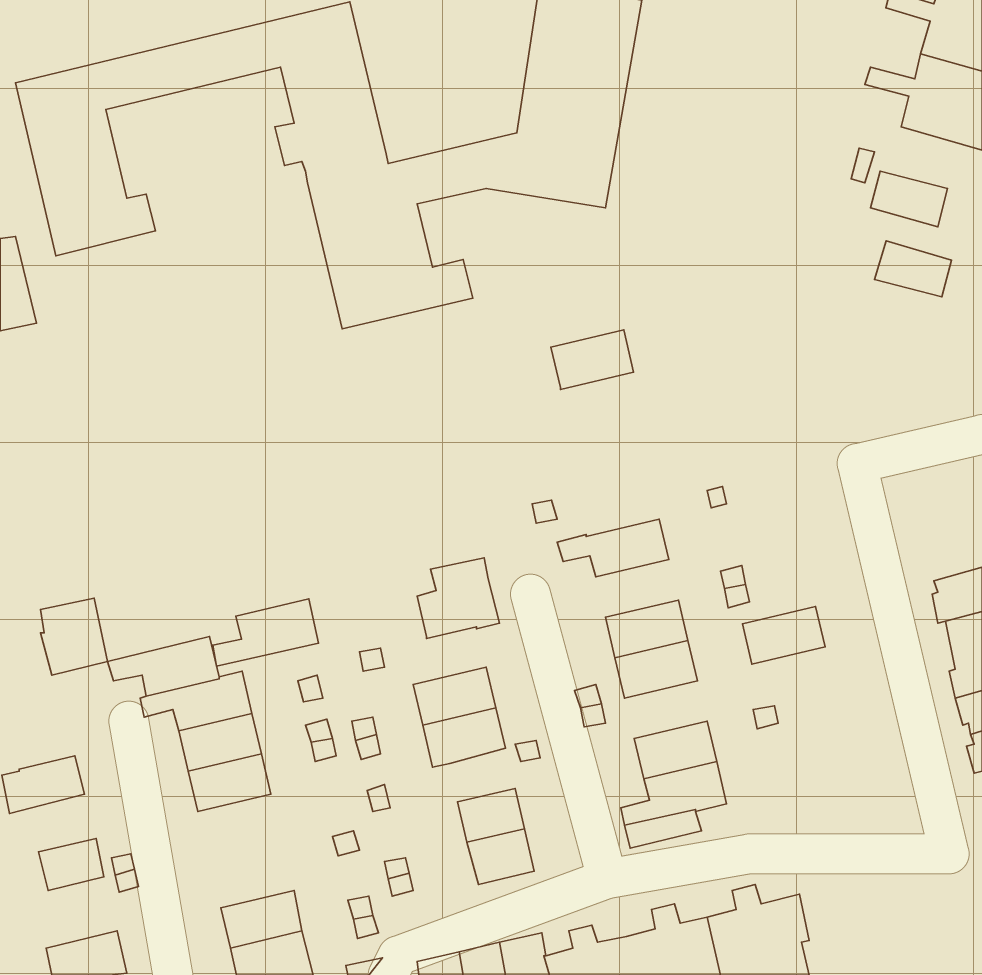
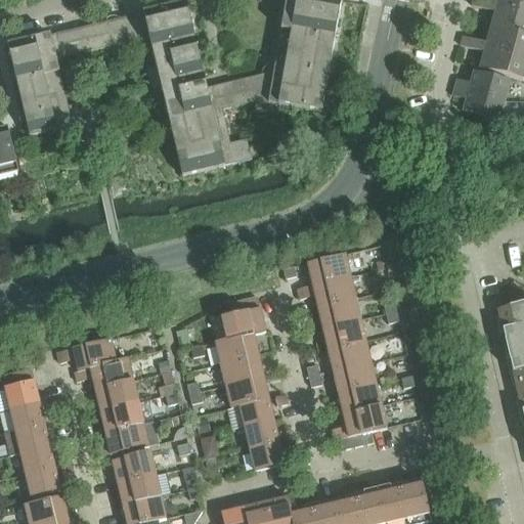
building: [875,241,951,297] -> [469,71,510,100]
building: [551,330,633,390] -> [307,254,351,286]
building: none -> [317,298,361,329]
building: [40,598,108,675] -> [4,368,40,409]
building: [213,599,318,666] -> [93,423,149,458]
building: [742,607,825,664] -> [333,362,377,393]
building: none -> [215,334,259,364]
building: none -> [239,398,274,427]
building: none -> [5,423,51,455]
building: none -> [113,451,157,483]
building: none -> [26,467,61,496]

